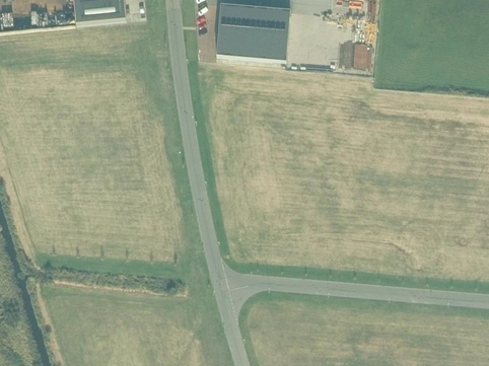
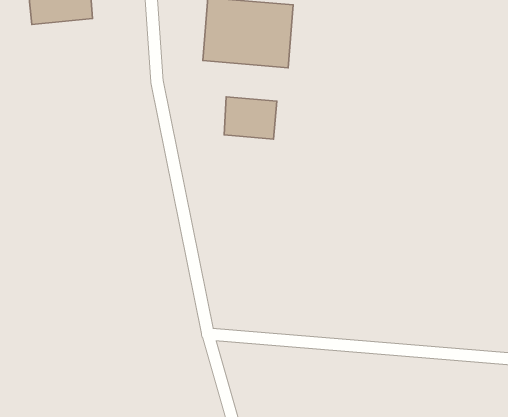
building: none -> [224,97,277,139]

